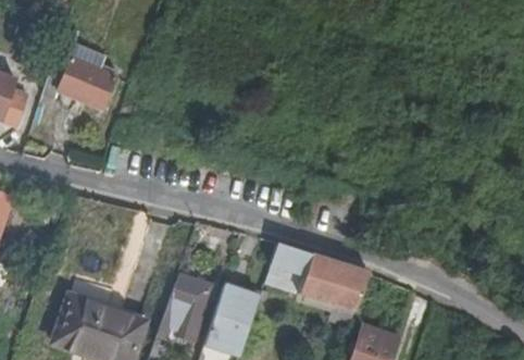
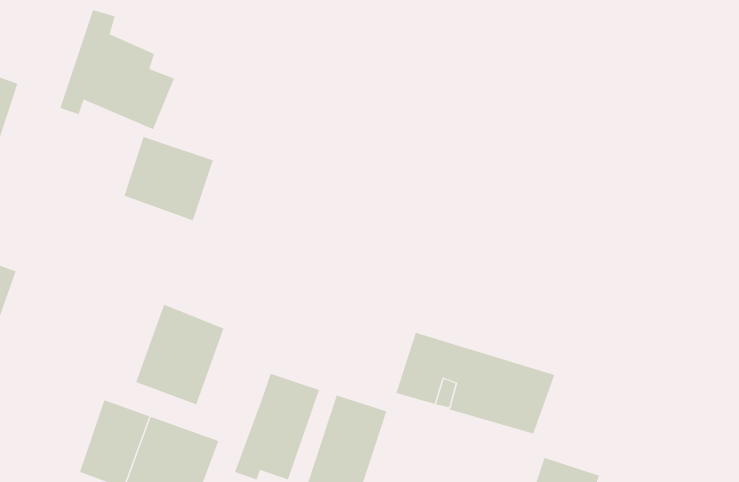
building: none -> [124,136,214,221]
building: none -> [135,304,224,405]

